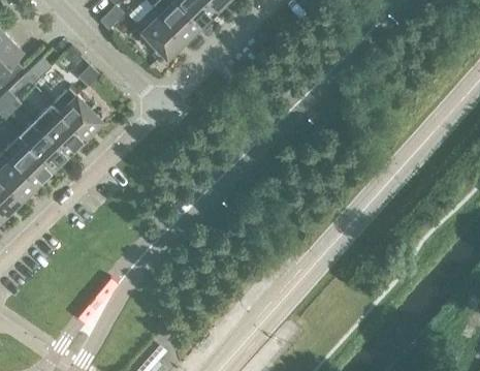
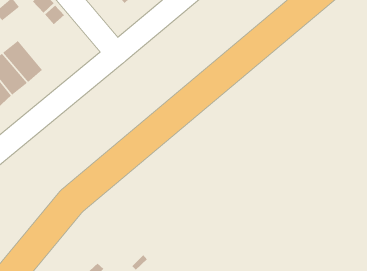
building: [52,89,99,136] -> none

